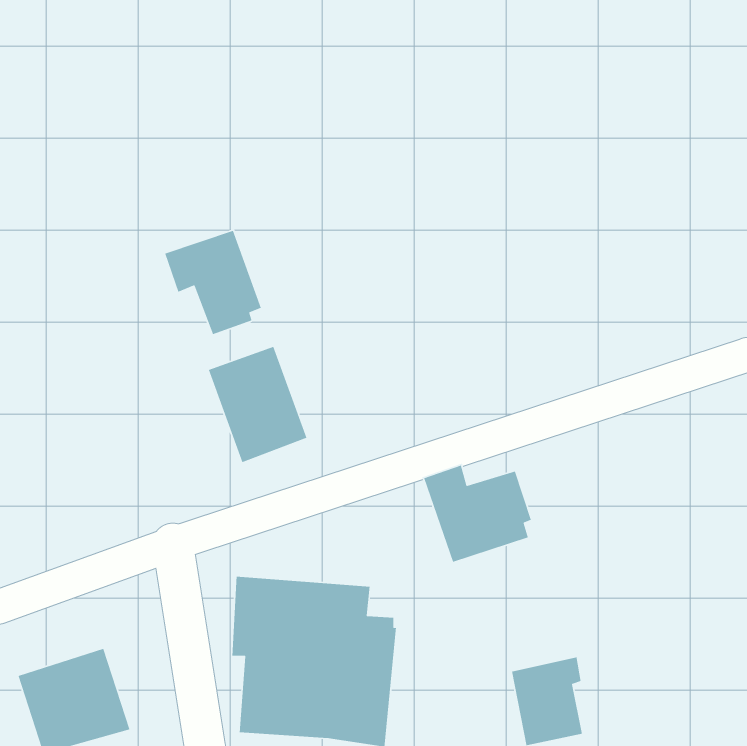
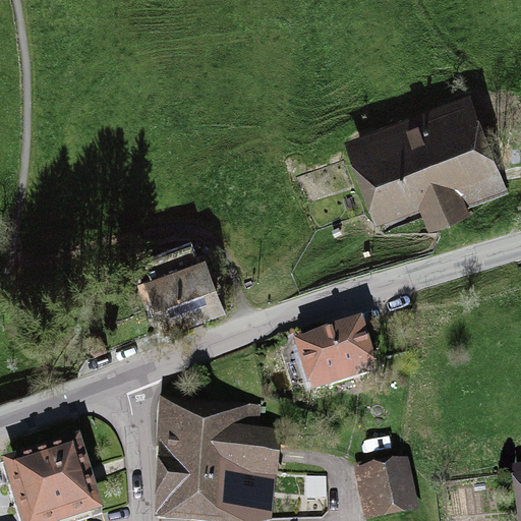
building: none -> [362,100,500,232]
building: [164,230,262,335] -> none

